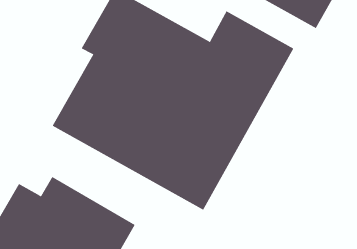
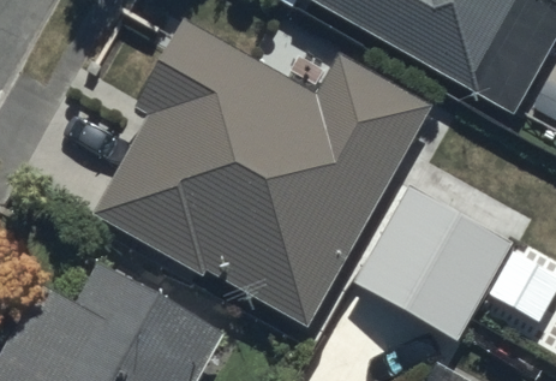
building: none -> [355,194,500,338]

